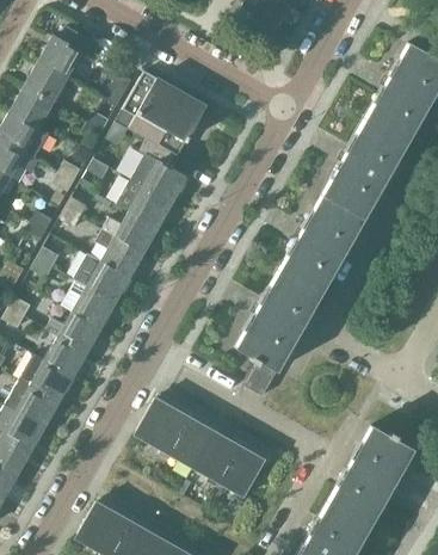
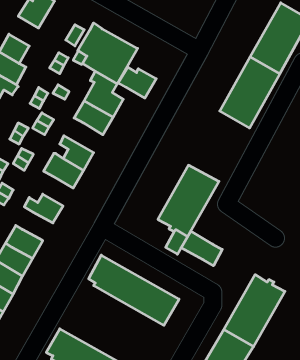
building: [24,62,66,104] -> none
building: none -> [118,67,156,98]
building: [277,196,363,295] -> none
building: [101,212,156,254] -> none
building: [61,282,115,329] -> none
building: [43,338,86,378] -> none
building: none -> [181,231,222,266]

